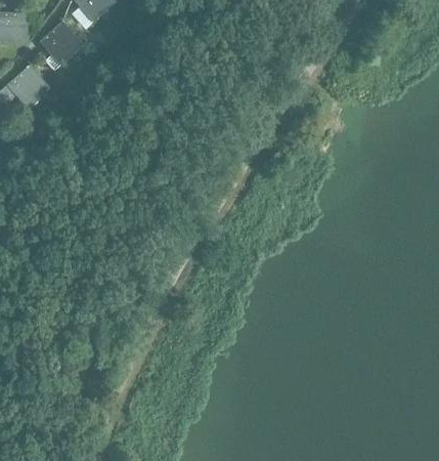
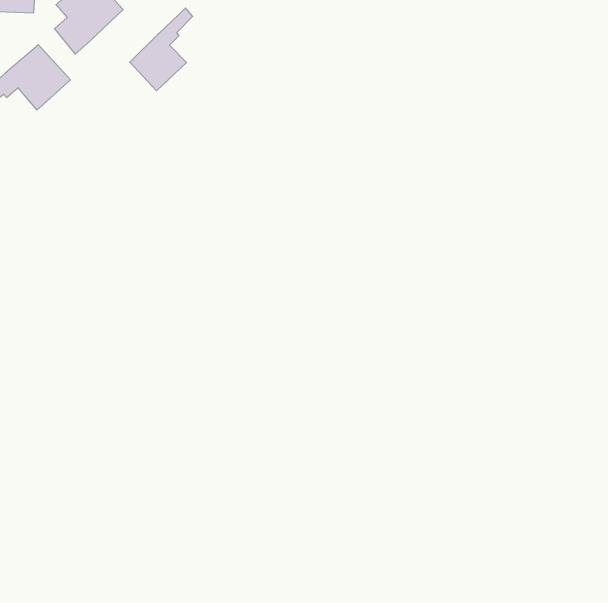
building: none -> [130,8,193,91]

